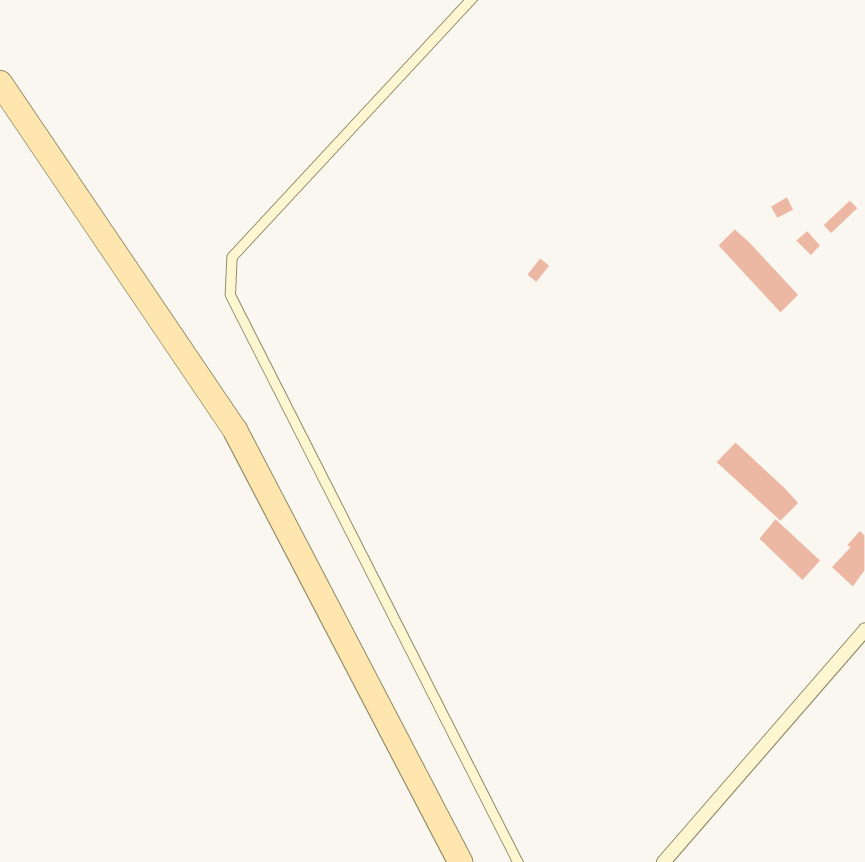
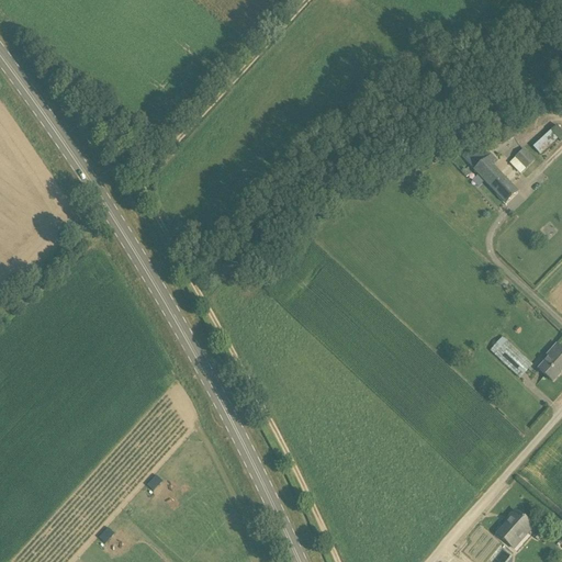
building: [716,442,799,521] -> none
building: none -> [497,509,533,546]

